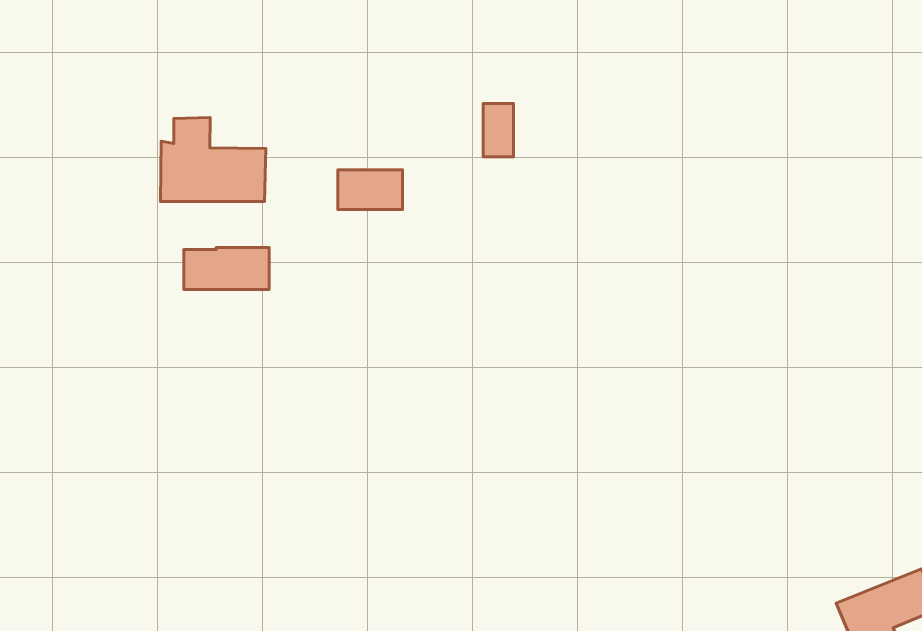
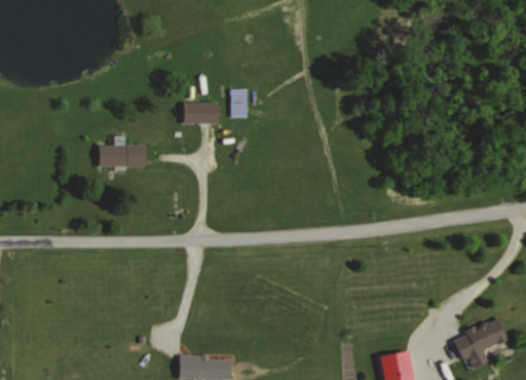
building: [483,103,513,157] -> [231,88,248,117]
building: [161,118,266,201] -> none

